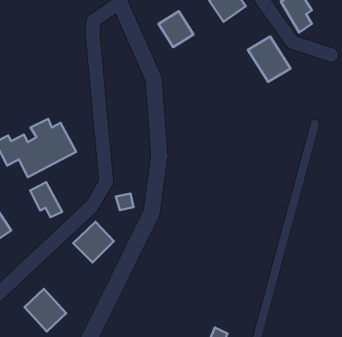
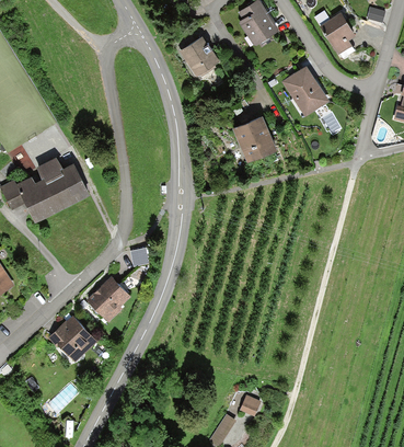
building: none -> [233,117,278,164]
building: [30,182,62,217] -> none
building: [24,289,66,332] -> [48,314,95,363]

